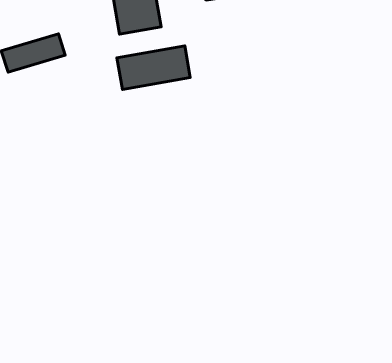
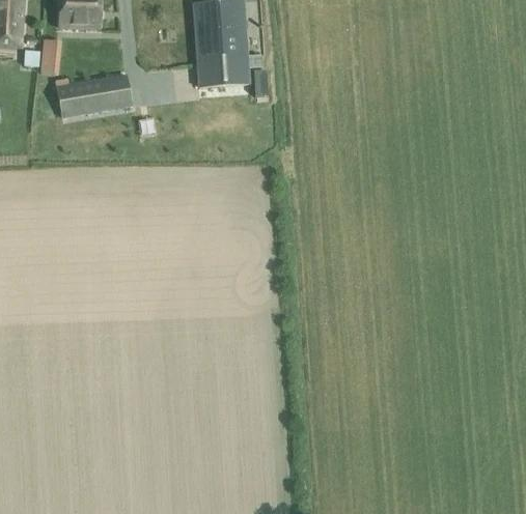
building: [117,46,190,89] -> none

